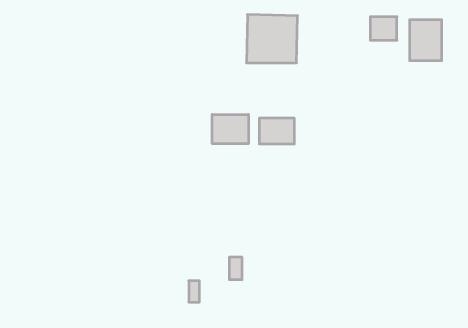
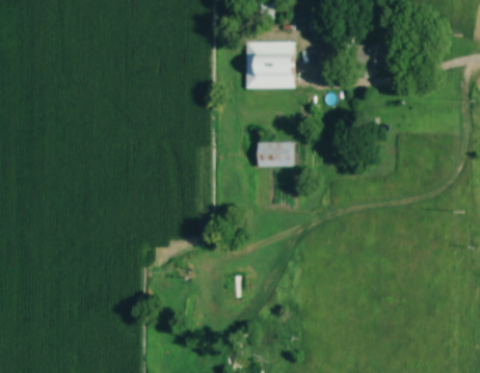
building: [410,20,442,61] -> none
building: [212,114,248,144] -> none

